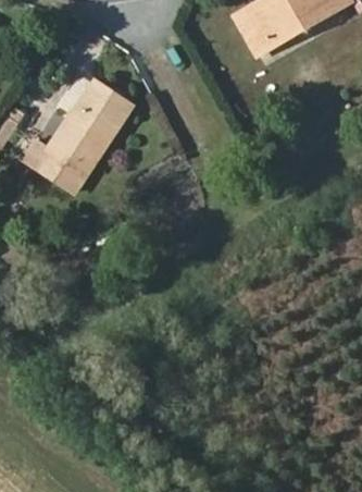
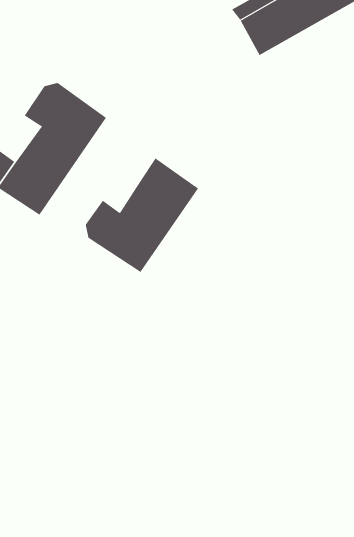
building: none -> [85,157,199,273]

